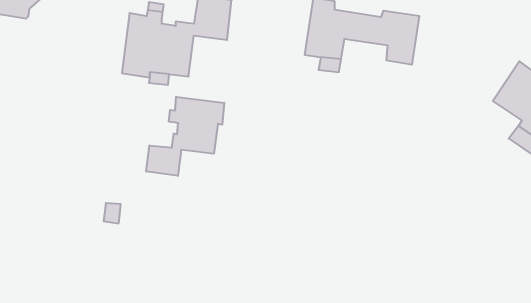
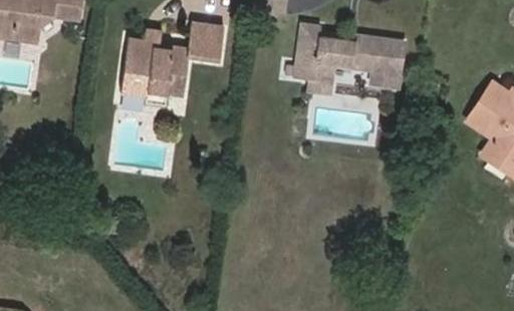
building: [146,97,224,176] -> none

